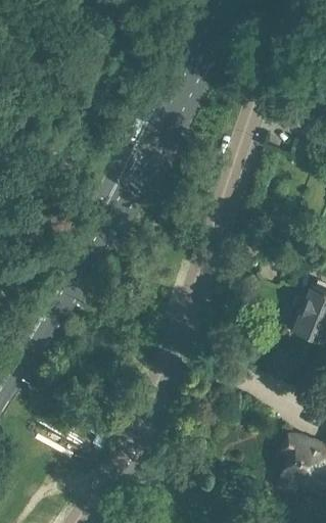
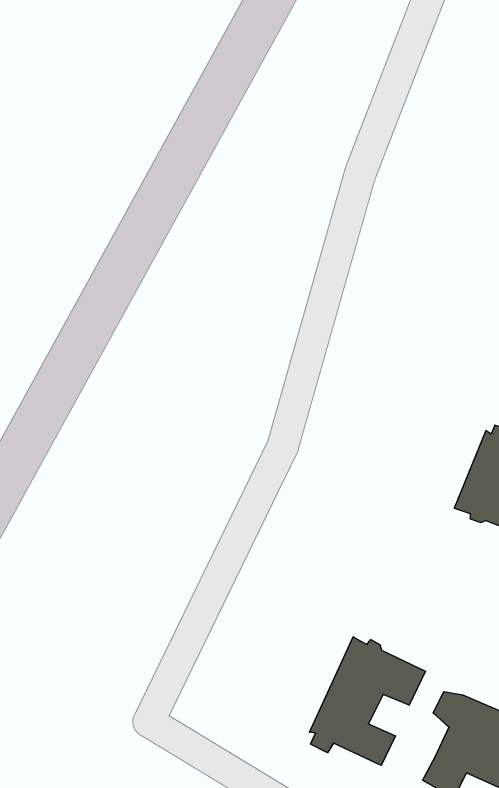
building: none -> [310,637,426,765]

